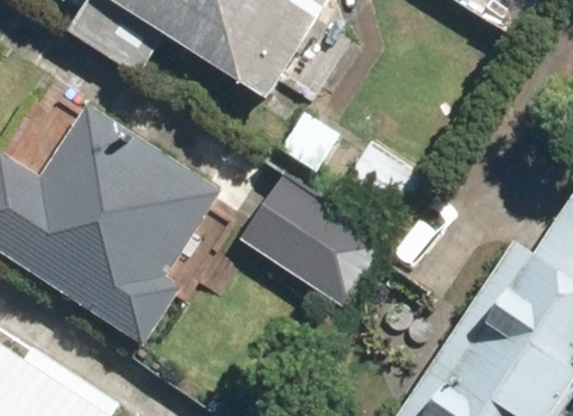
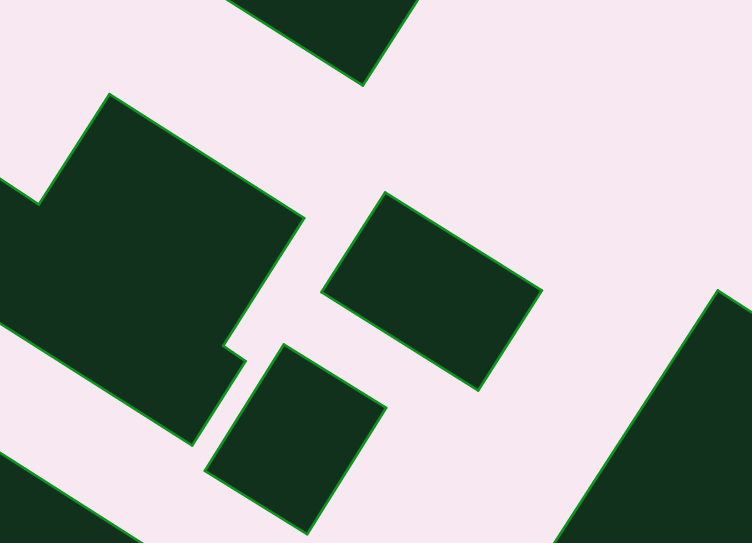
building: none -> [205,345,386,534]

